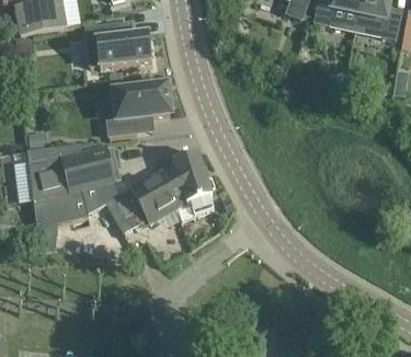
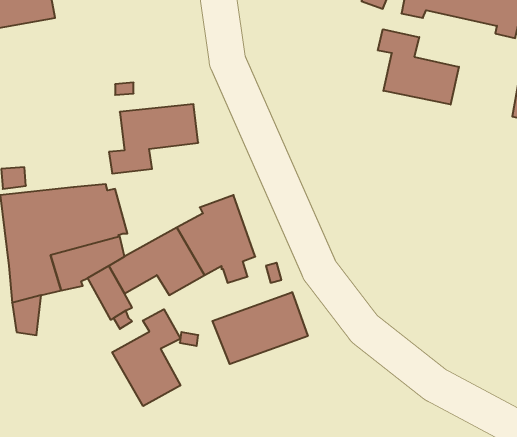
building: [85,22,151,67] -> none
building: none -> [378,29,459,105]
building: none -> [212,292,308,364]
building: none -> [112,309,180,406]

